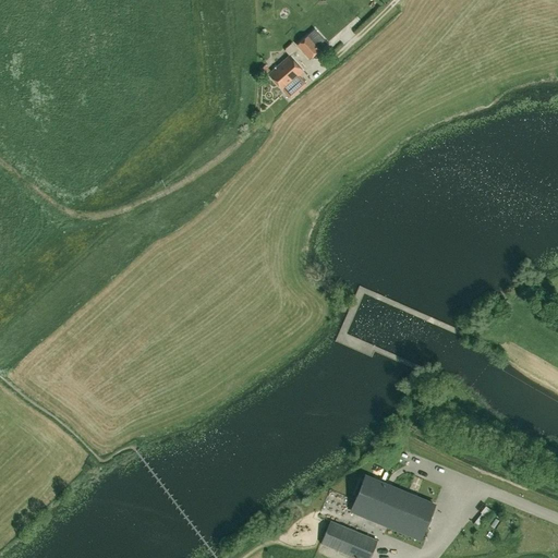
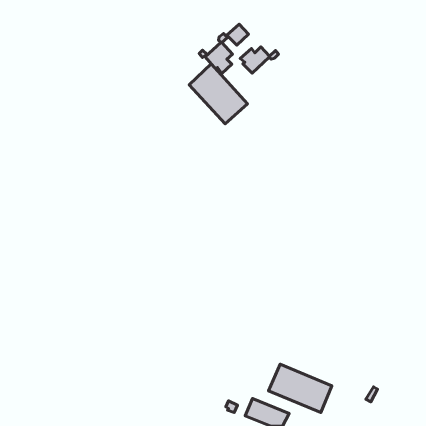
building: none -> [240,47,278,73]
building: none -> [189,64,248,124]

